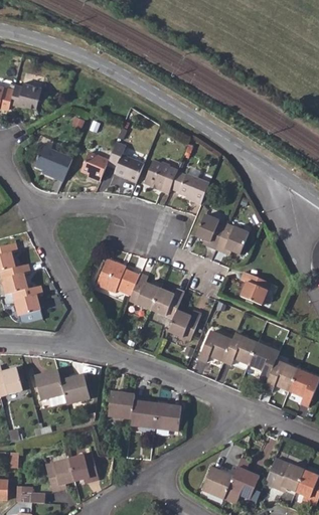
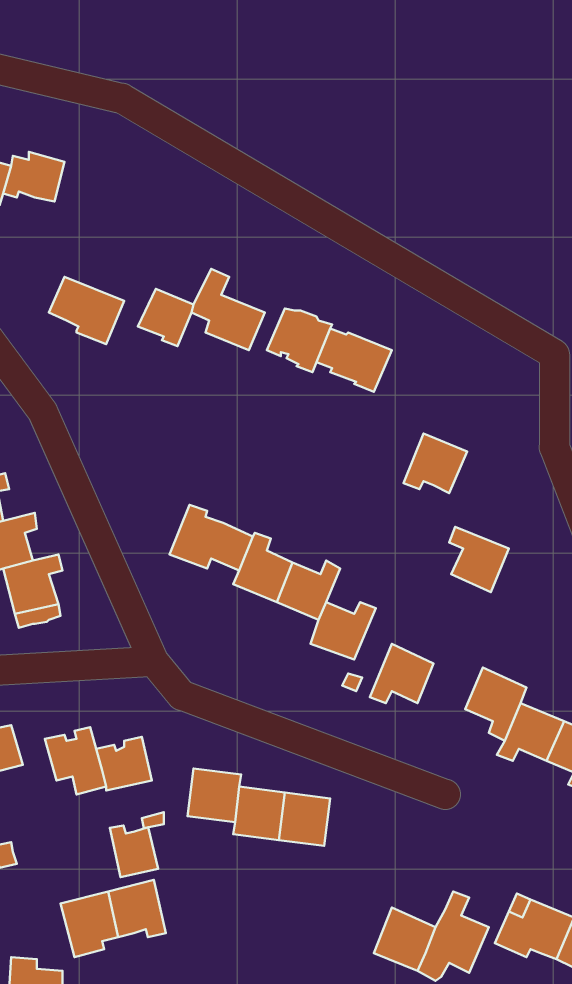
building: [195,214,225,248] -> none
building: [222,333,256,363] -> none
building: none -> [110,825,158,877]

